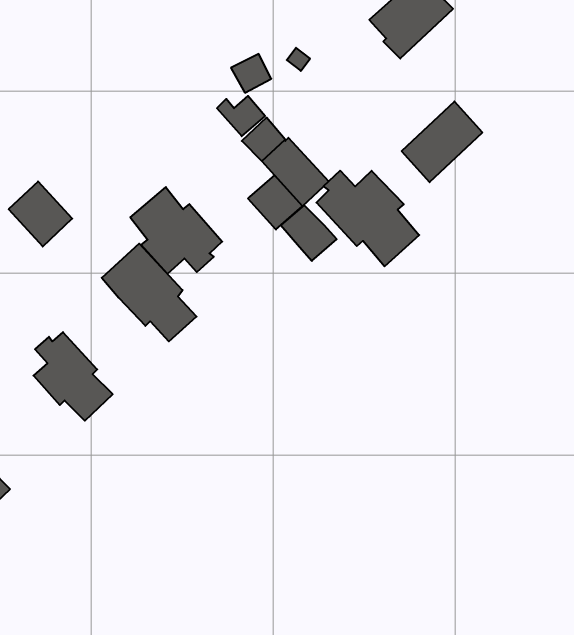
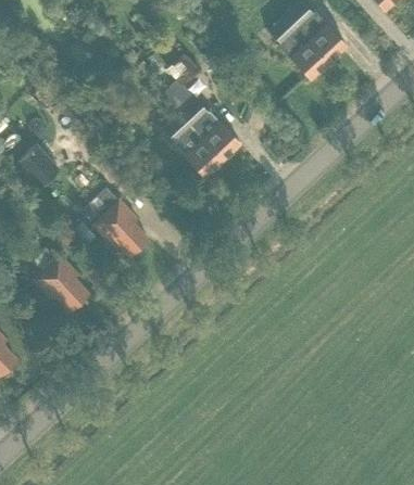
building: [402,101,482,182] -> [291,24,348,80]
building: [316,171,419,266] -> none
building: [130,187,222,274] -> none
building: [281,205,337,261] -> [164,116,203,155]

